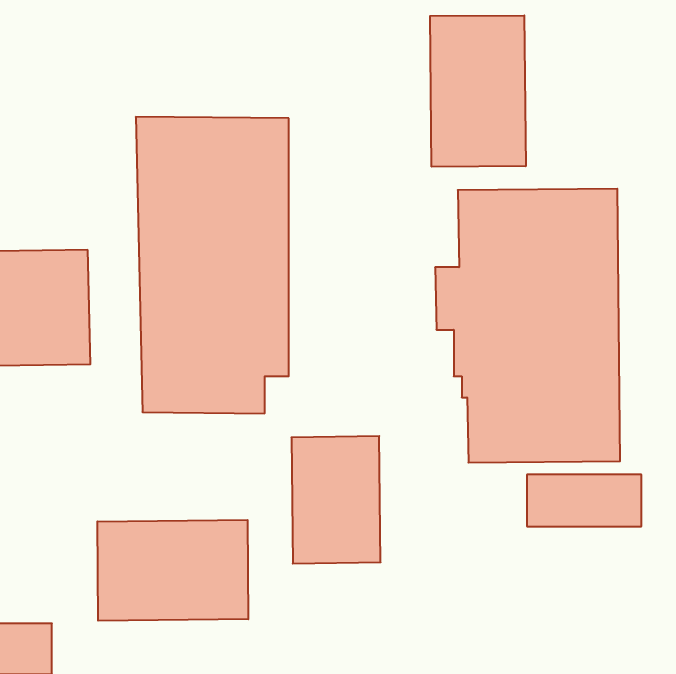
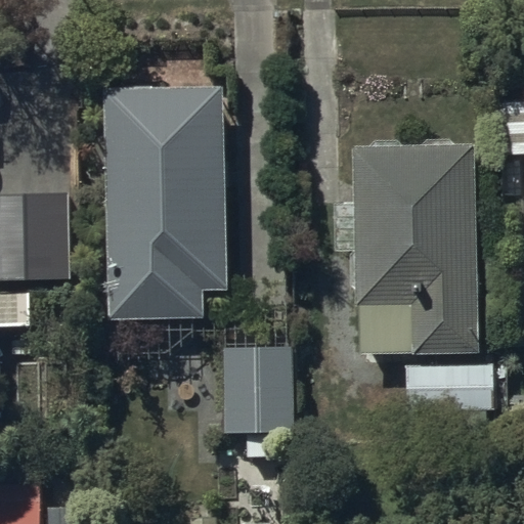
building: [430,15,526,167] -> none
building: [97,520,248,621] -> none

